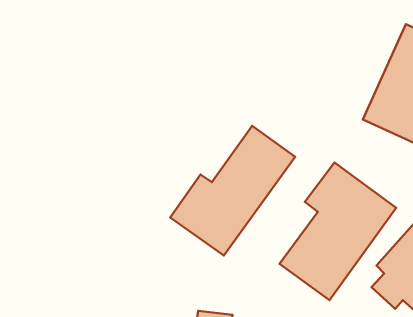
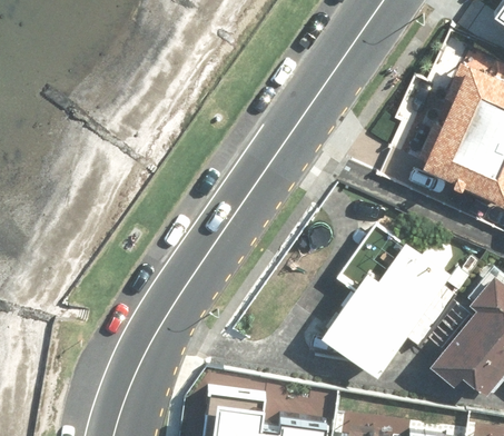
building: [170,126,295,256] -> none

